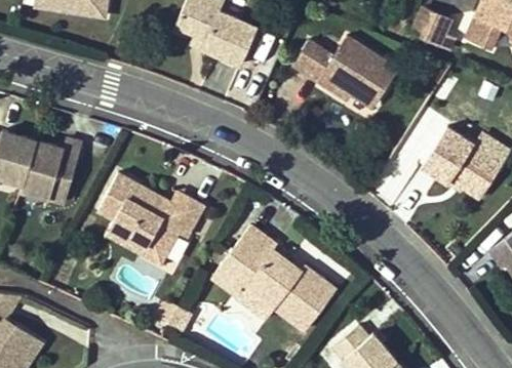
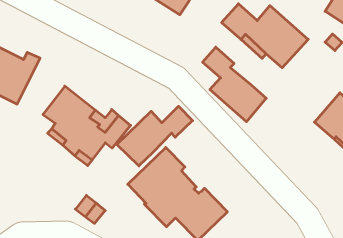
building: none -> [203,47,266,122]
building: none -> [117,106,193,166]

